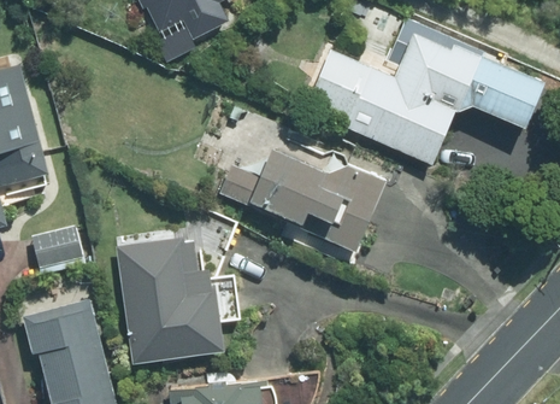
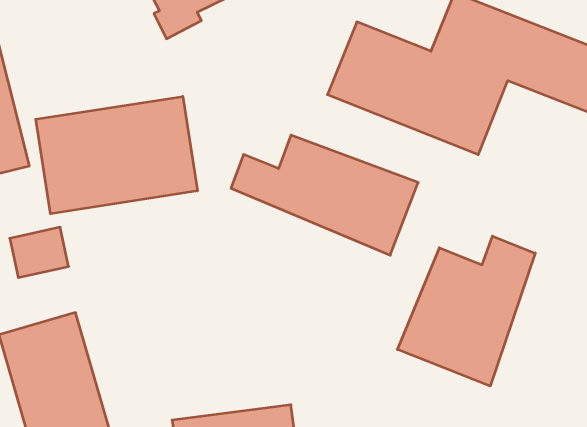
building: none -> [36,96,197,214]
building: none -> [397,236,535,386]
building: [116,235,240,364] -> none

